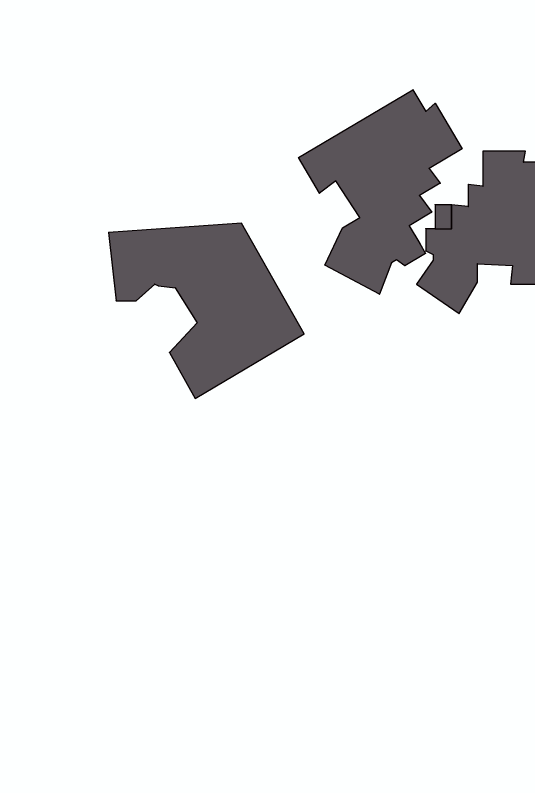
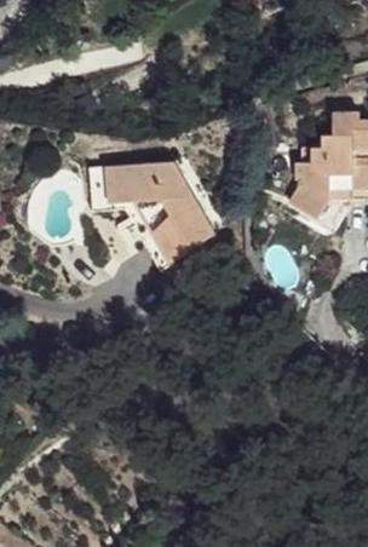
building: [299,90,462,294] -> none

